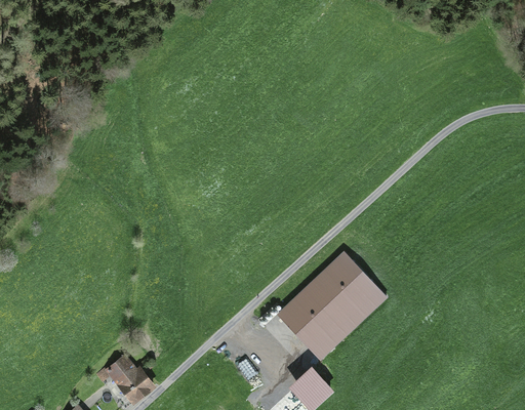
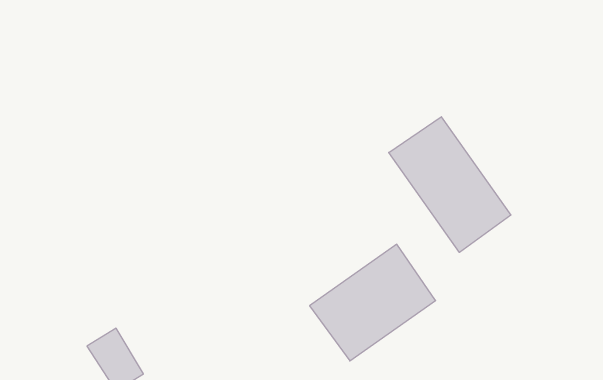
building: none -> [389,117,511,252]

